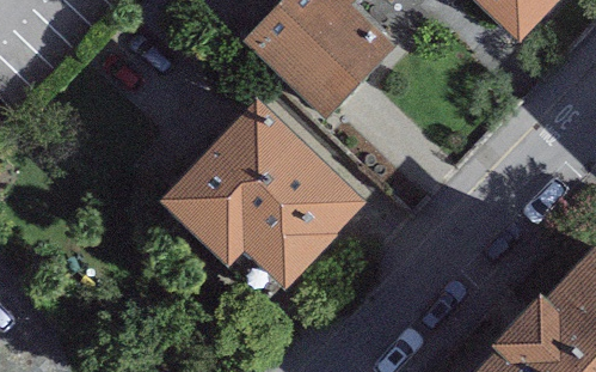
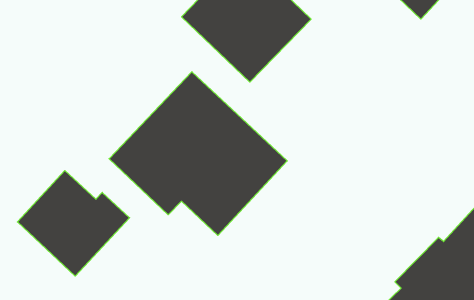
building: none -> [17,171,130,276]

